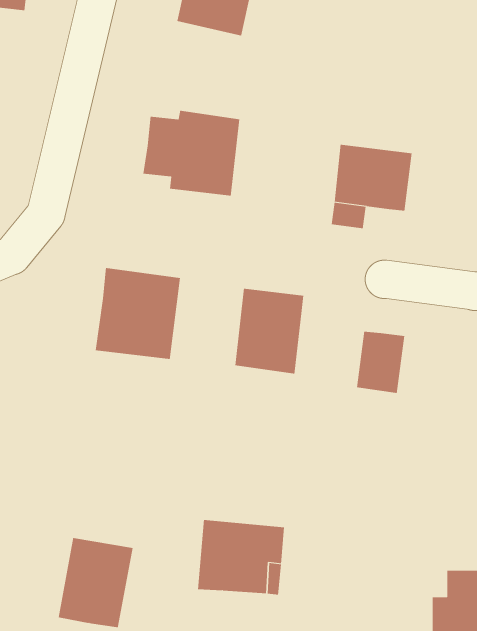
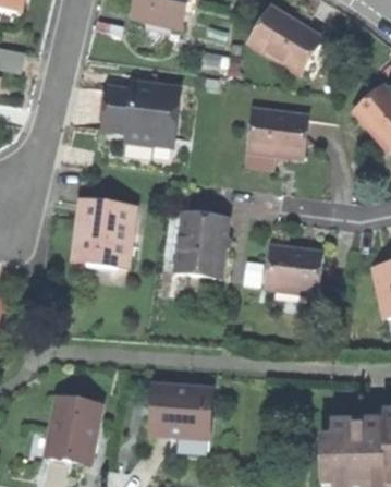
building: none -> [249,5,319,72]
building: none -> [295,247,322,293]

